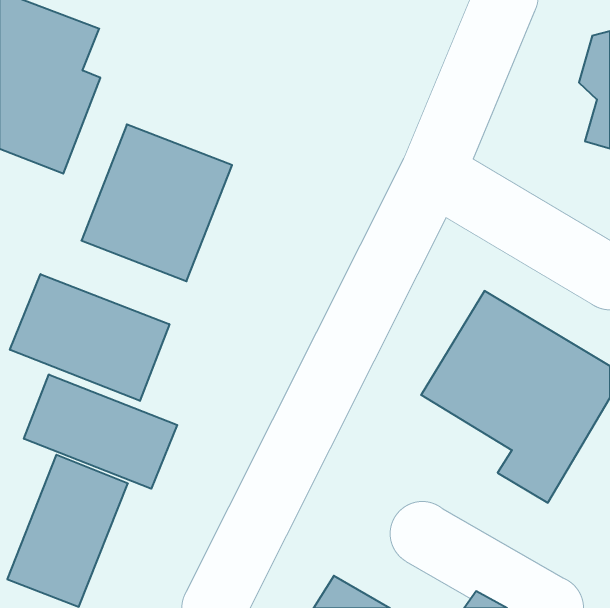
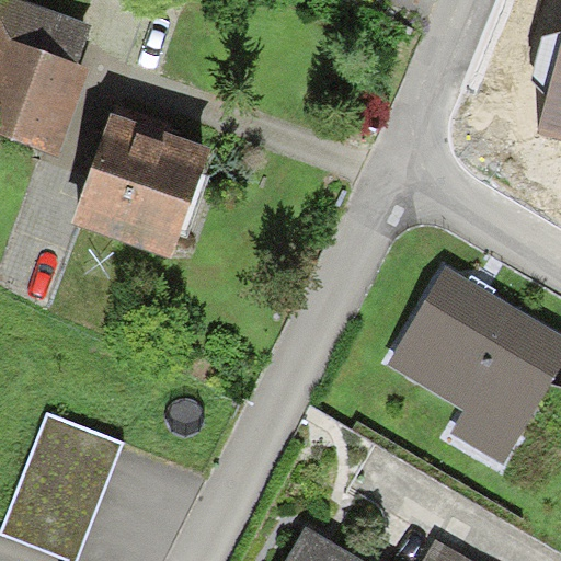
building: [10,274,169,401] -> none
building: [24,374,177,489] -> none

